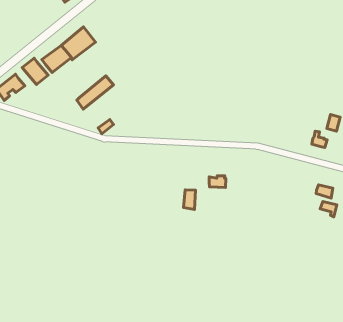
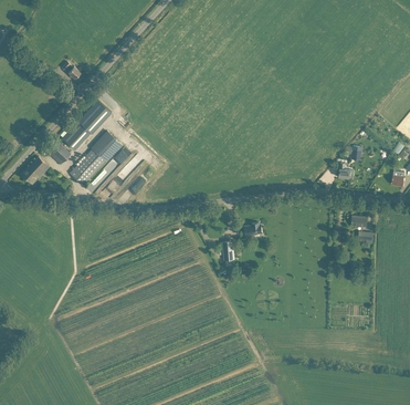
building: none -> [69,132,122,187]

